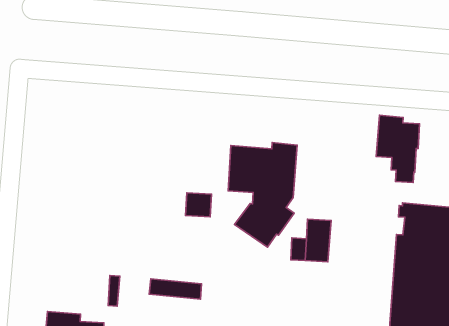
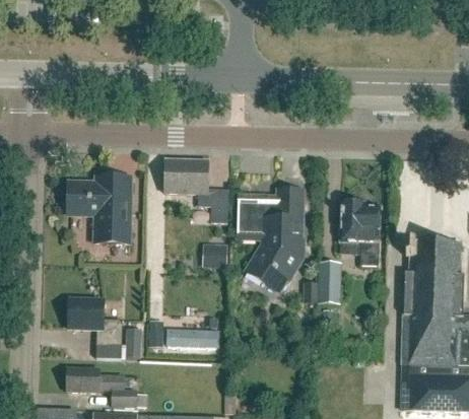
building: none -> [166,159,229,222]
building: [376,115,419,182] -> [341,201,382,265]
building: none -> [72,176,132,243]
building: none -> [69,298,122,358]

